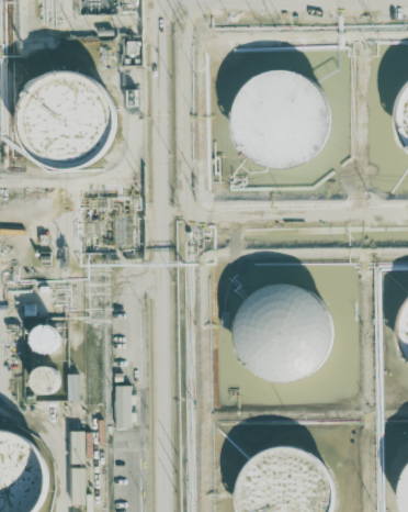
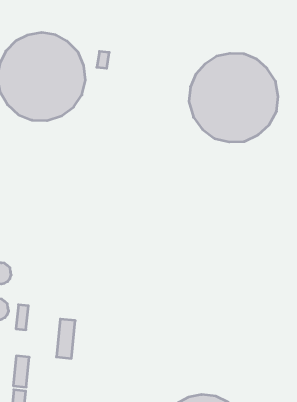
building: [231,283,330,381] -> none

